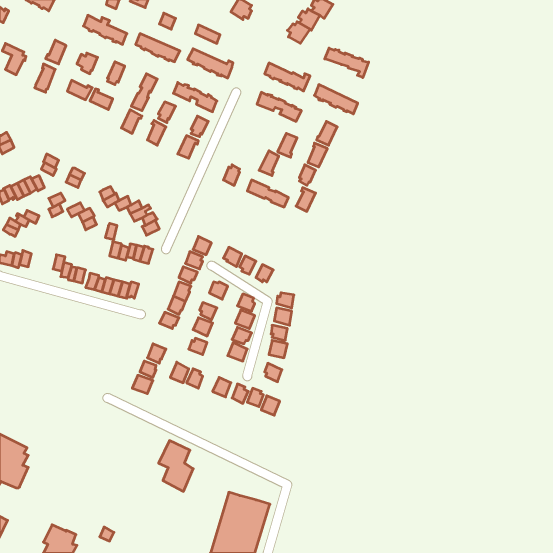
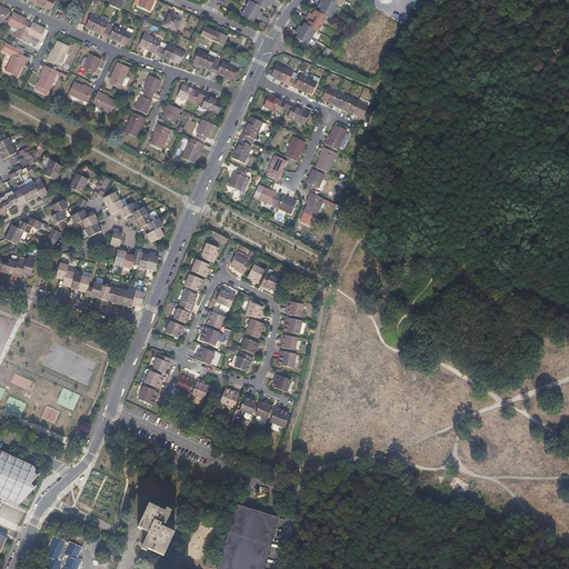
building: none -> [8,13,44,46]
building: [325,48,369,78] -> none
building: none -> [232,117,266,162]
building: [159,441,193,491] -> [138,505,173,557]

